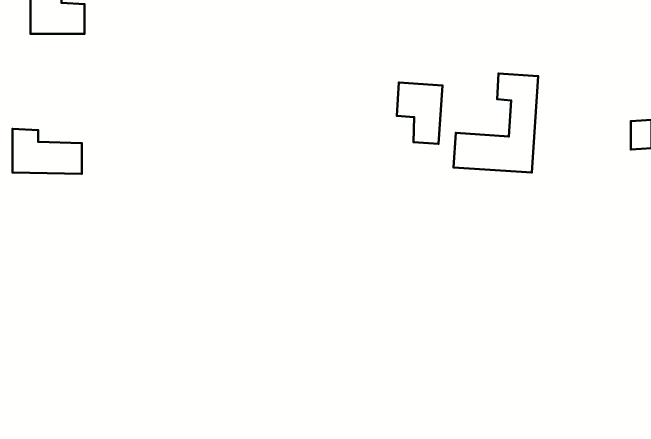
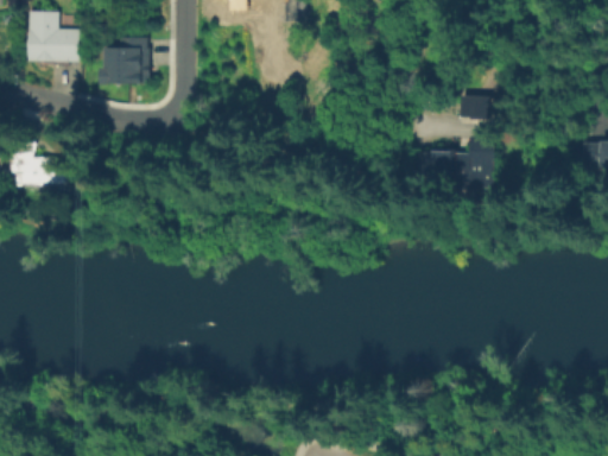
building: none -> [102,37,146,83]
building: [397,82,442,144] -> none

